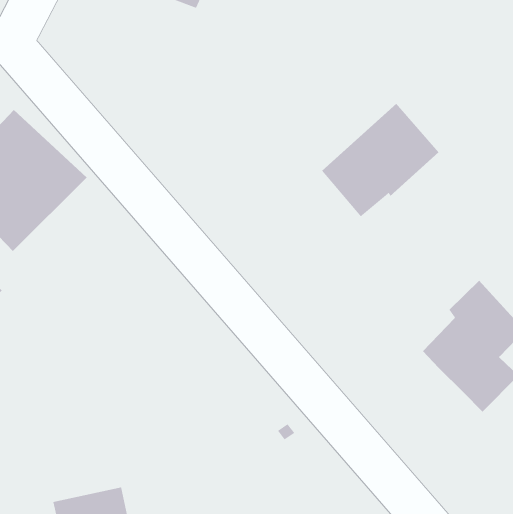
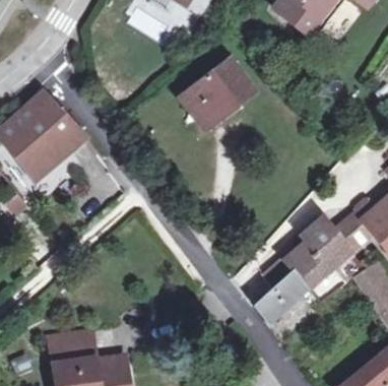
building: [321,103,439,217] -> [180,59,254,128]
building: none -> [256,271,307,323]

